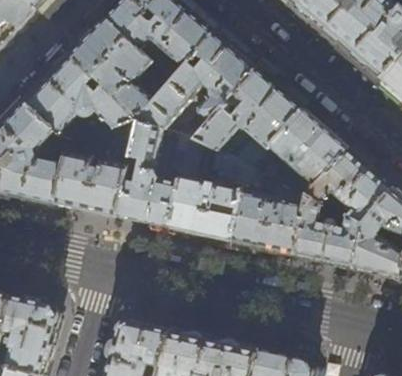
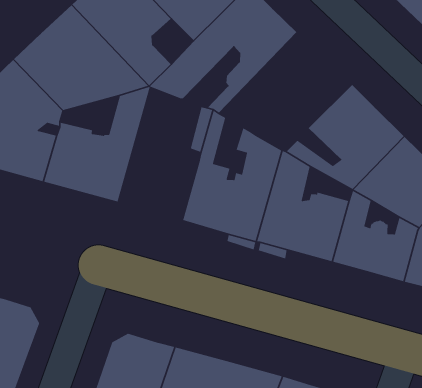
building: [194,68,301,166] -> none
building: [116,120,180,227] -> none

